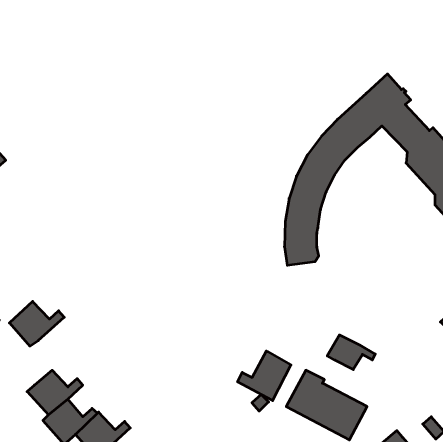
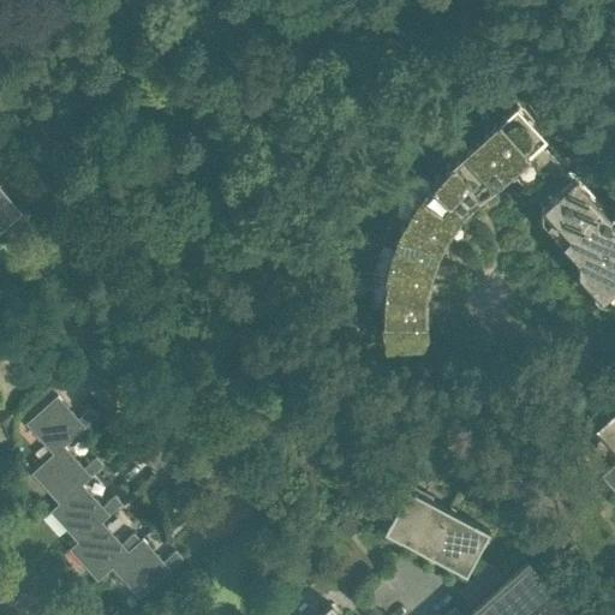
building: [327,335,375,370] -> none
building: none -> [36,452,107,509]
building: [238,351,291,401] -> none

